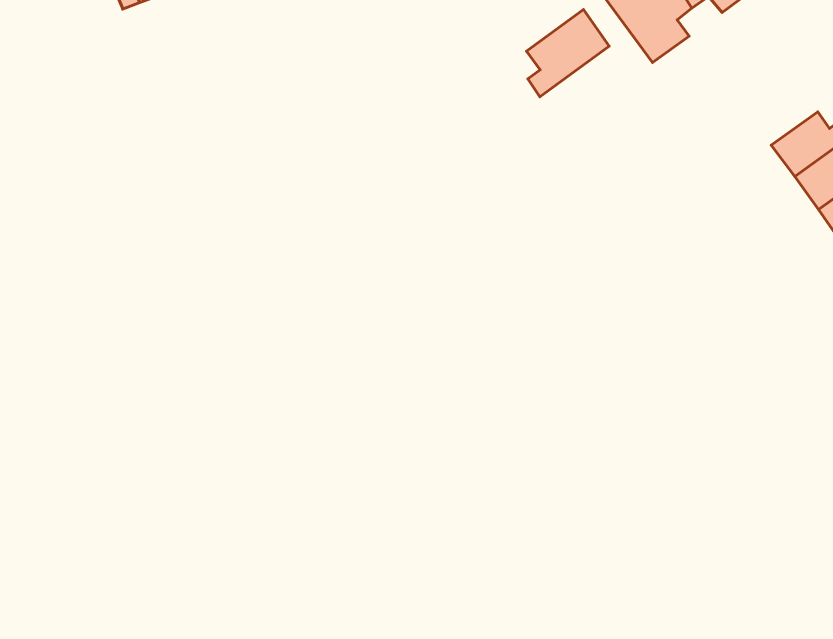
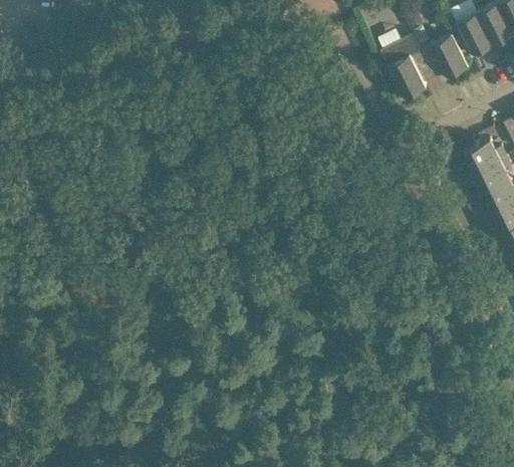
building: [526,10,609,97] -> none

